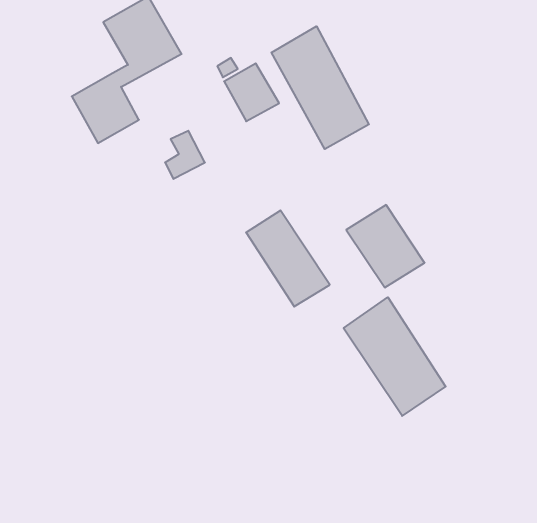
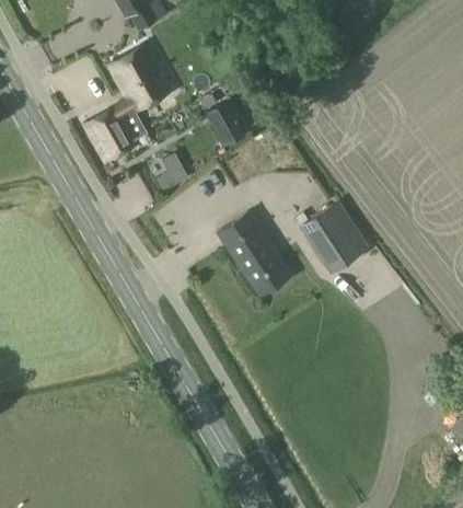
building: [271,26,369,149] -> none
building: [344,297,446,416] -> none

